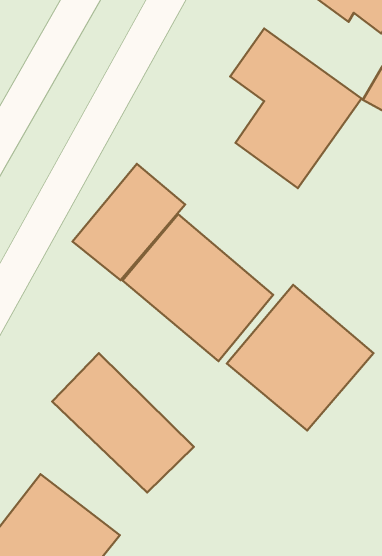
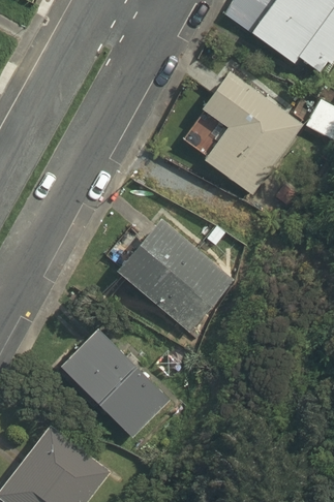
building: [72,164,185,280] -> none
building: [227,285,374,431] -> none

